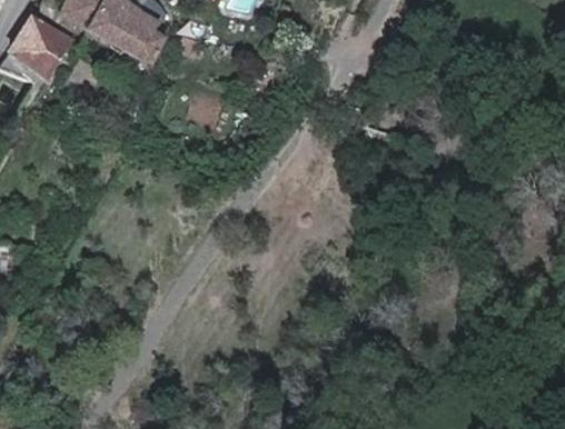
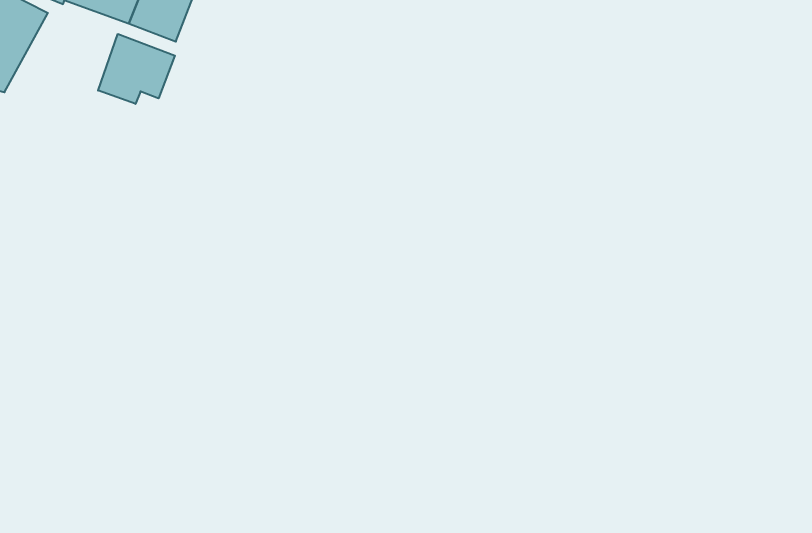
building: none -> [98,34,175,104]

